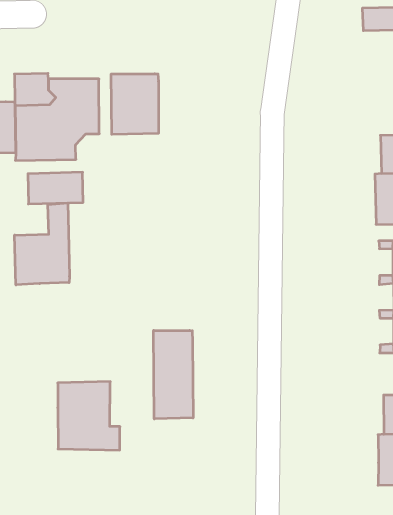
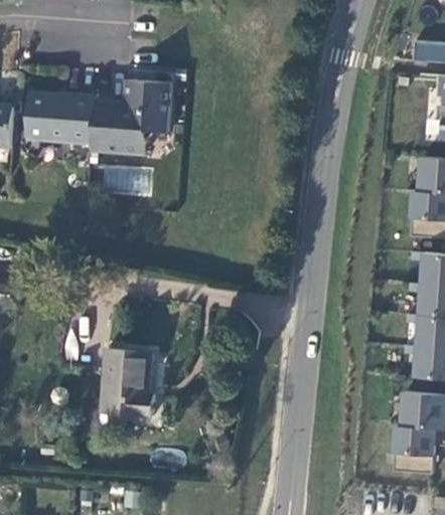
building: [111,74,158,134] -> none
building: [15,203,69,285] -> none
building: [154,330,193,419] -> none

